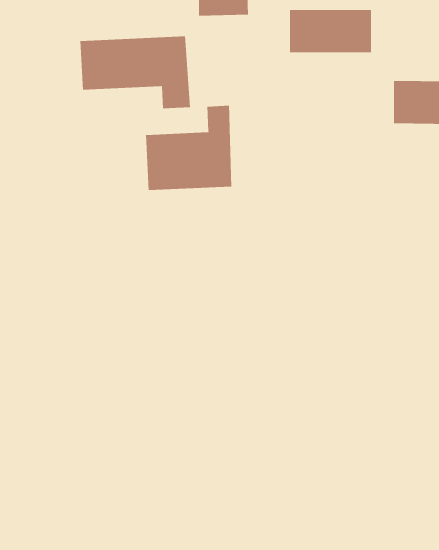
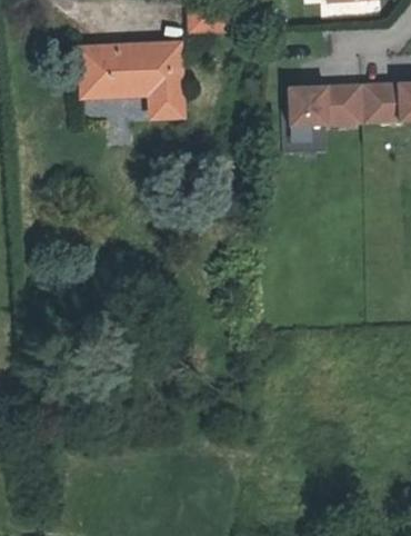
building: [289,10,372,53] -> [290,85,364,123]
building: [146,105,232,191] -> none

